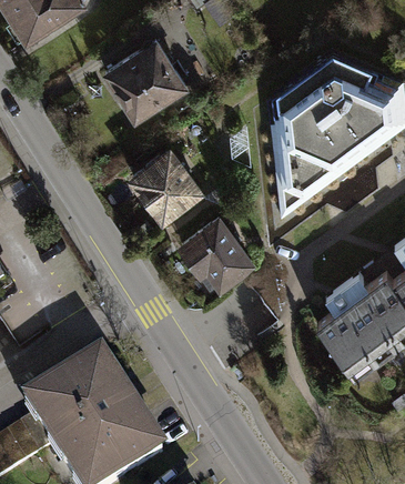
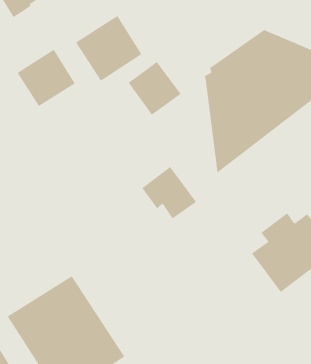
building: none -> [17,49,76,107]
building: [134,152,200,219] -> [128,61,182,116]

